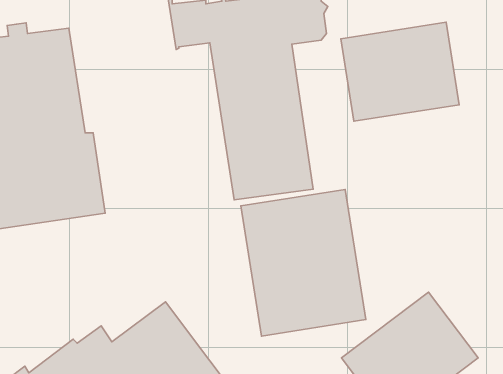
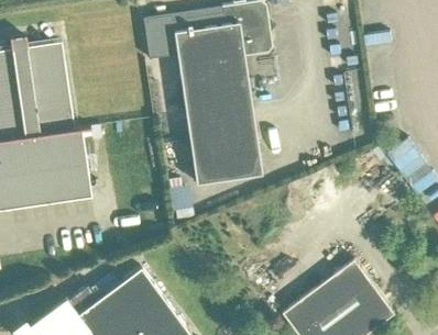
building: [341,22,459,121] -> none
building: [241,190,366,336] -> none

